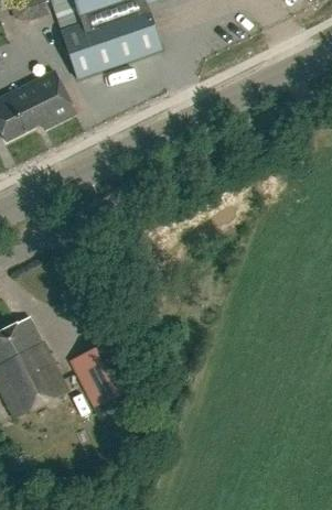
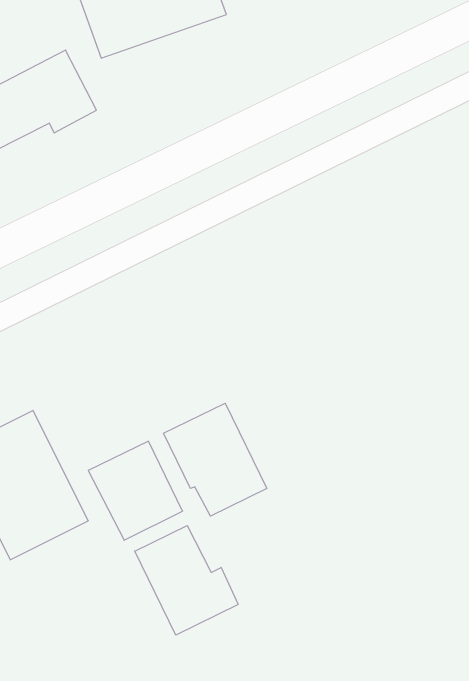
building: none -> [164,403,267,516]
building: none -> [135,526,238,635]

